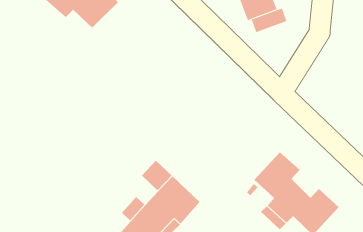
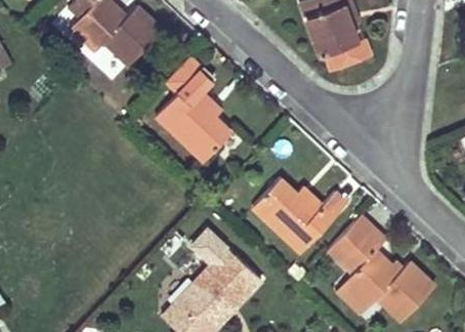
building: none -> [156,57,230,162]
building: none -> [253,179,347,252]

